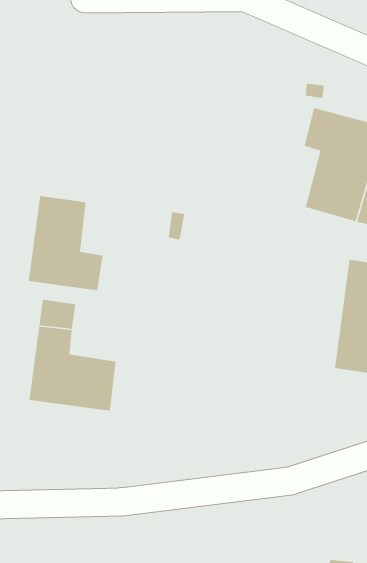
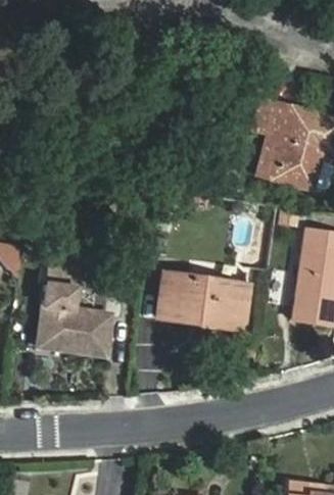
building: [28,195,104,291] -> none
building: none -> [158,273,250,326]

